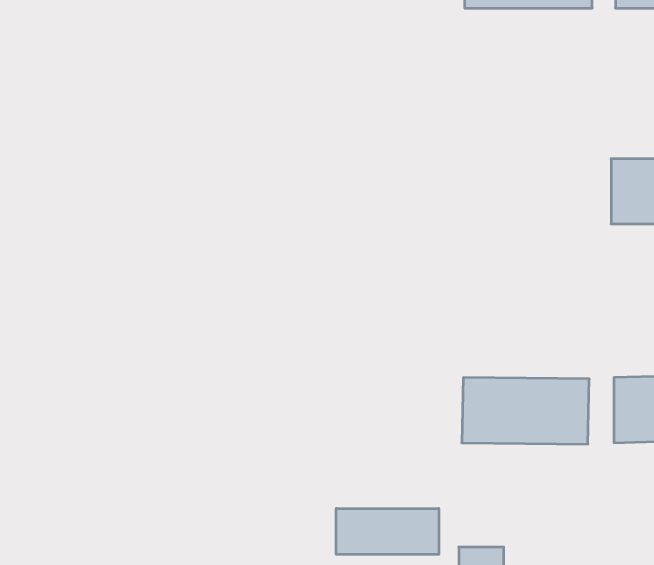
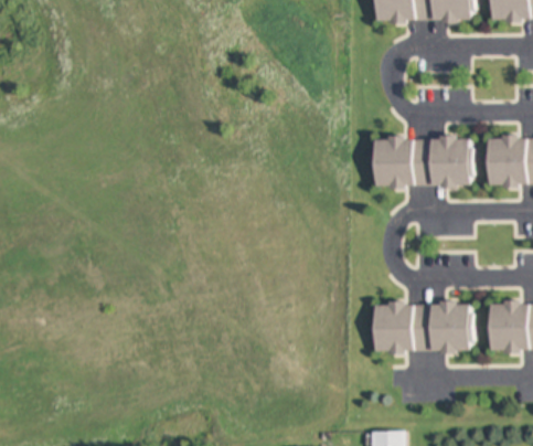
building: none -> [373,136,472,187]
building: [336,508,439,554] -> none

